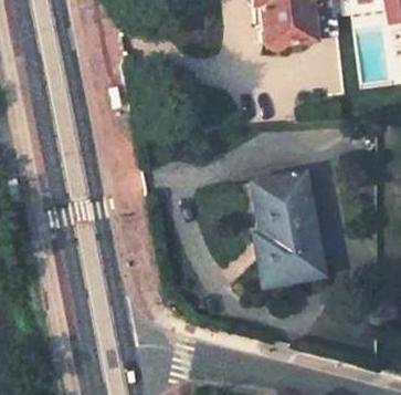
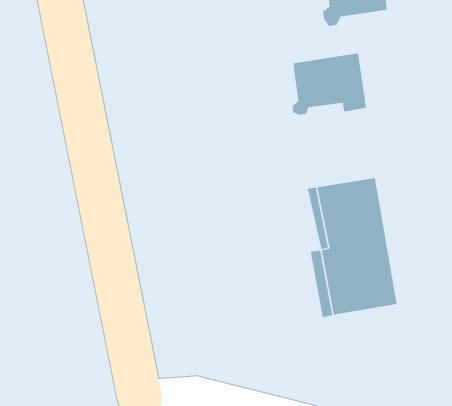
building: none -> [292,53,367,115]

